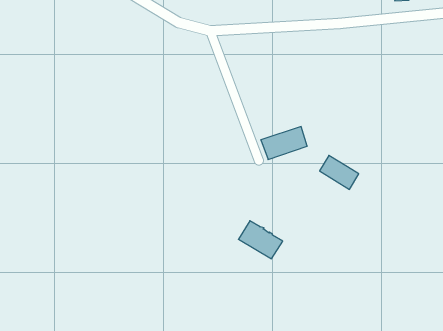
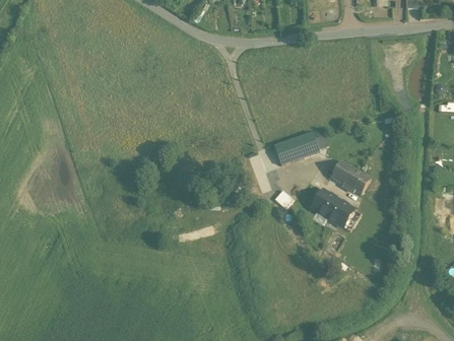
building: [238,221,283,259] -> [311,189,354,226]

